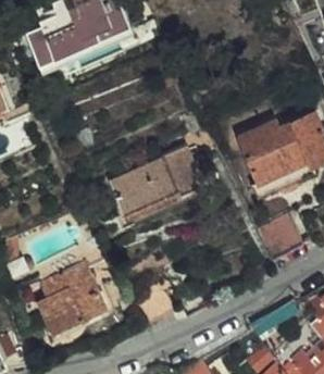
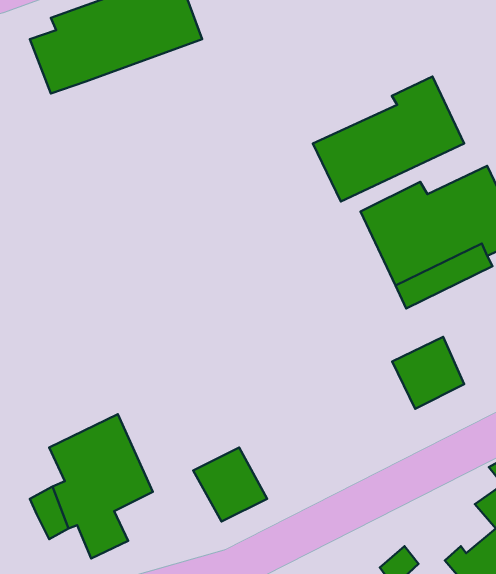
building: [114,141,208,219] -> [313,77,464,202]

